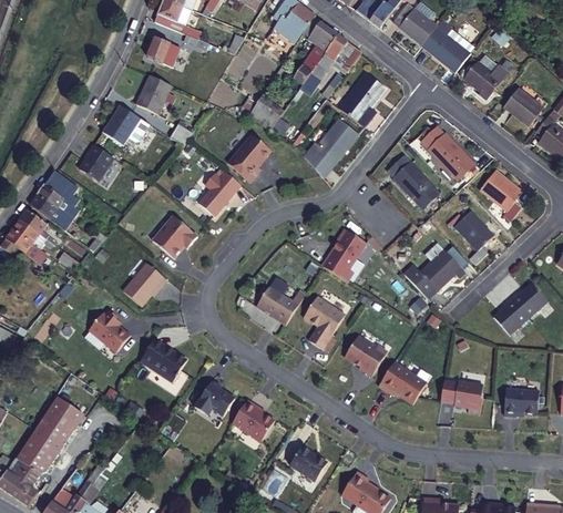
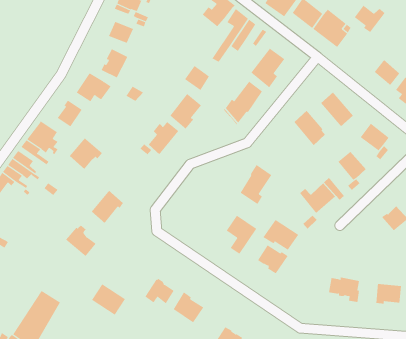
building: [460,60,502,98] -> [354,5,385,33]
building: [153,215,198,258] -> [69,138,103,170]
building: [256,285,306,325] -> none
building: [494,299,529,335] -> none
building: [141,338,187,381] -> [91,283,126,316]
building: [378,361,427,403] -> [263,219,299,250]

